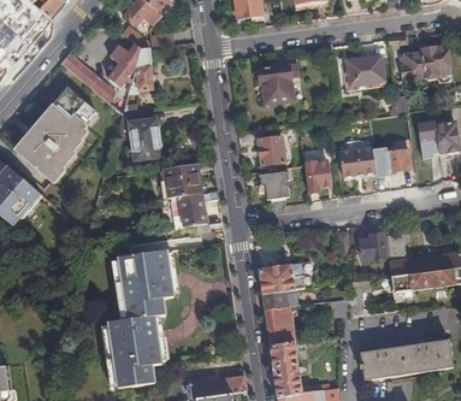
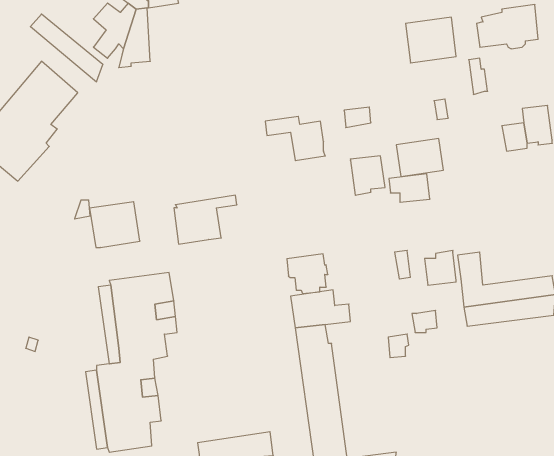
building: [258,60,299,102] -> none
building: [130,119,159,157] -> none
building: [379,148,410,170] -> [389,174,430,202]
building: [162,163,201,197] -> [90,202,140,247]
building: [260,170,291,200] -> [287,254,328,293]
building: [359,340,451,378] -> none

